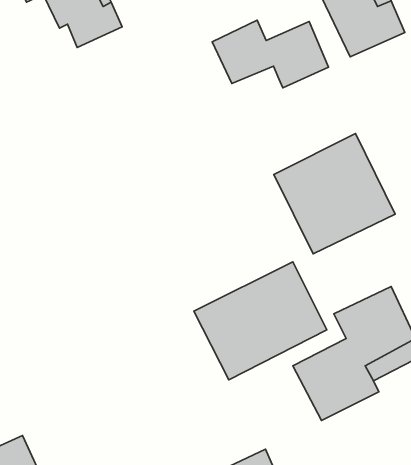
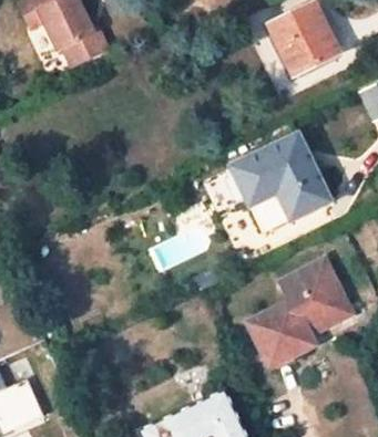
building: [212,20,329,88] -> none
building: [194,262,327,380] -> none

